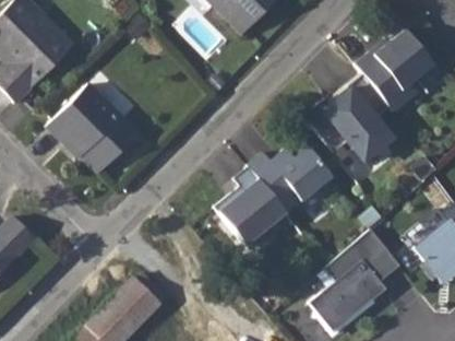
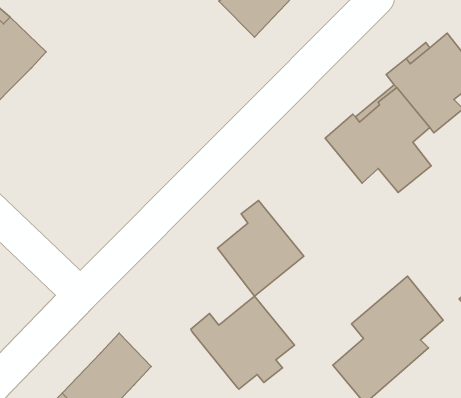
building: [52,86,142,174] -> none
building: [247,138,332,214] -> [191,296,294,389]

